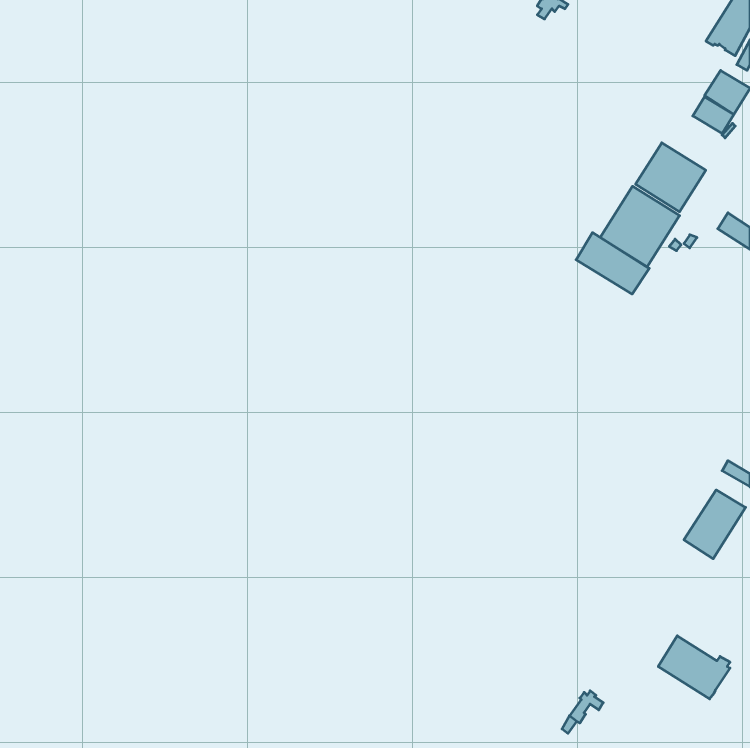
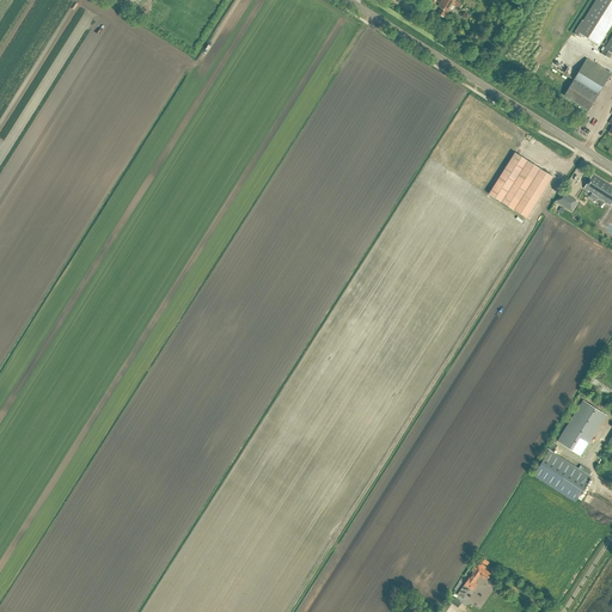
building: [636,143,706,212] -> none
building: [576,233,649,294] -> none
building: [658,636,730,699] -> [533,449,592,501]

